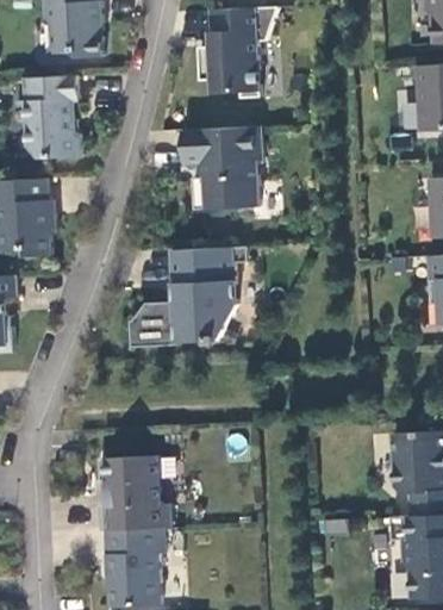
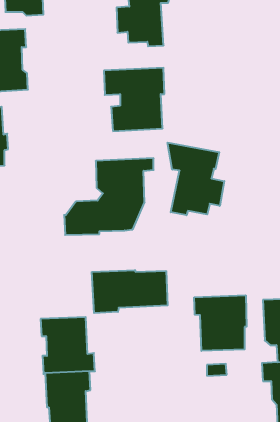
building: none -> [168,143,224,215]
building: none -> [92,270,168,313]
building: none -> [194,295,247,351]

